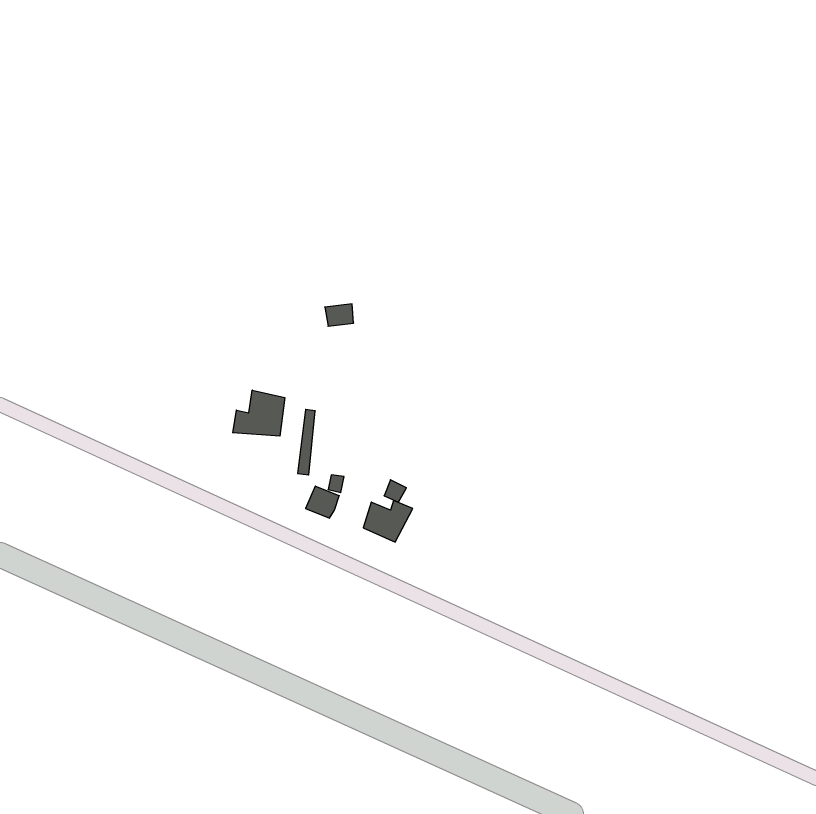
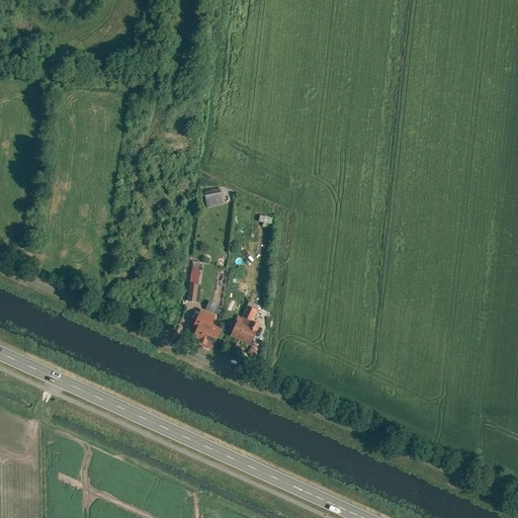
building: [233,390,285,436] -> none
building: none -> [191,323,223,349]

